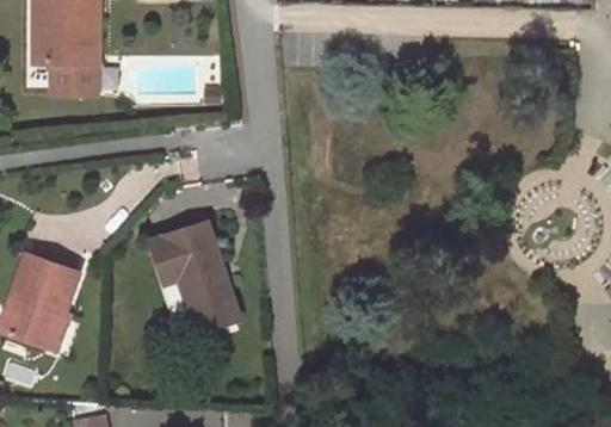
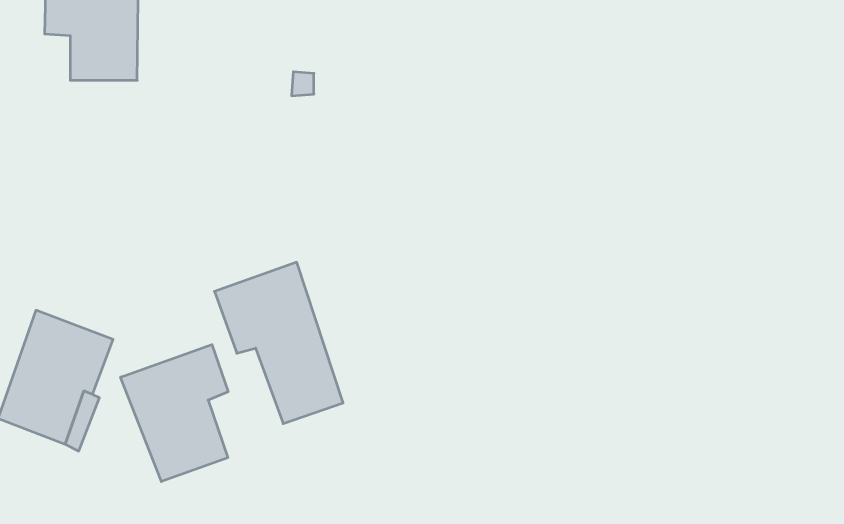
building: none -> [121,345,228,482]

